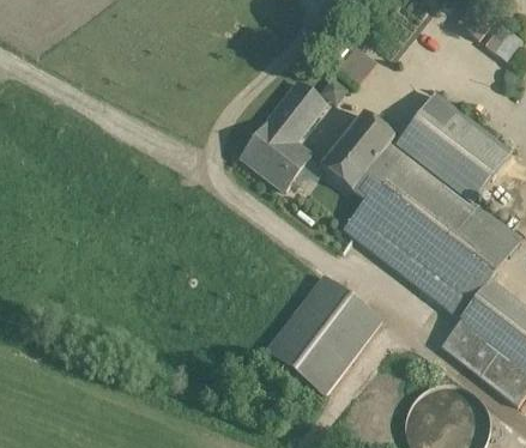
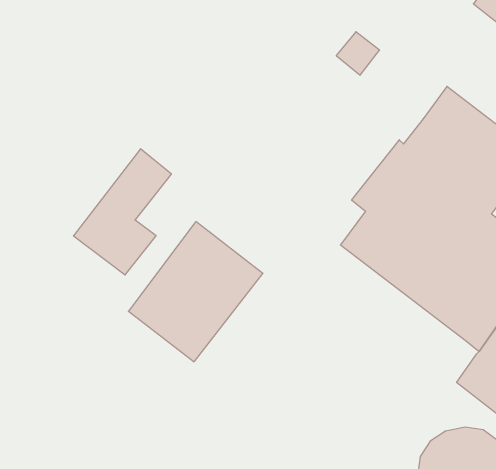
building: [241,81,325,189] -> [73,149,171,275]
building: [320,113,394,190] -> none
building: [266,274,381,394] -> [128,222,263,362]

